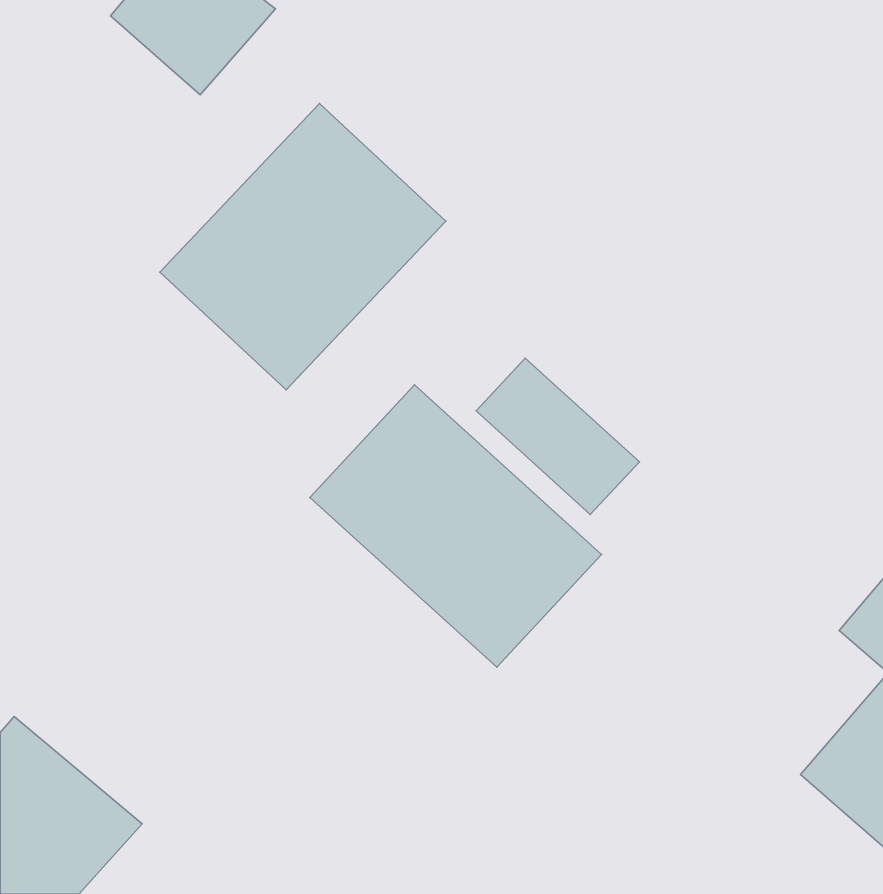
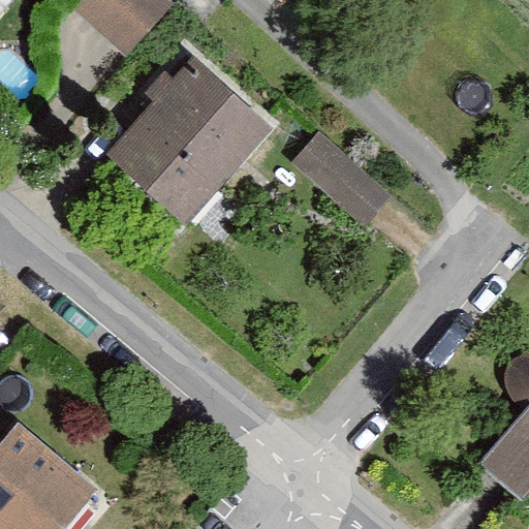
building: [476,358,639,514] -> [294,134,391,226]
building: [310,385,601,667] -> none

